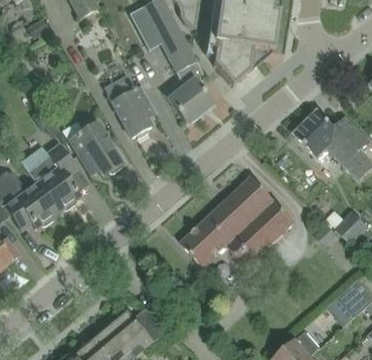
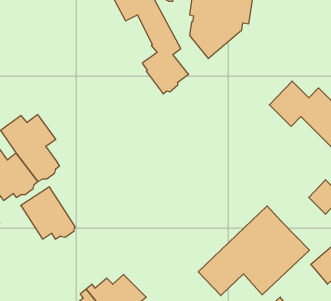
building: [108,73,156,138] -> none
building: [67,122,123,175] -> [21,187,75,239]
building: [181,176,295,267] -> [198,206,309,296]

